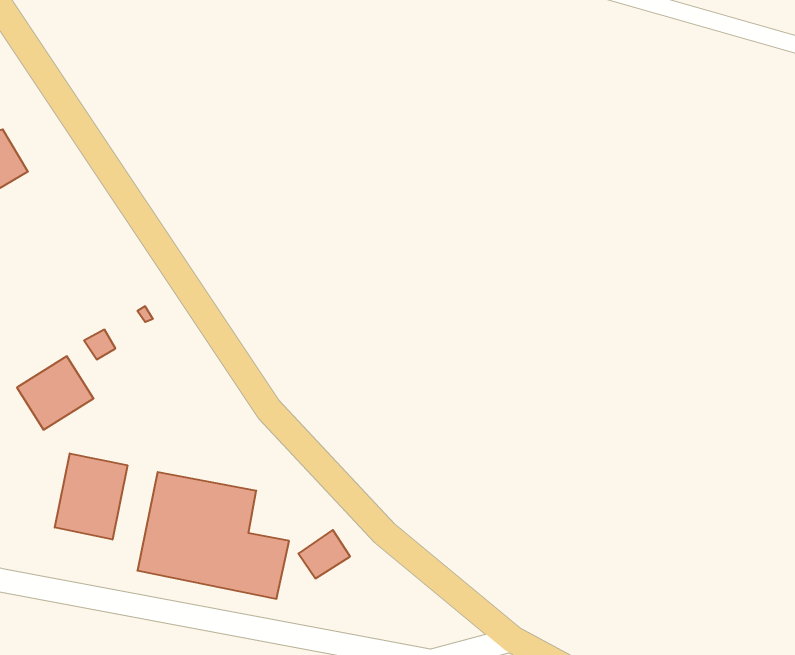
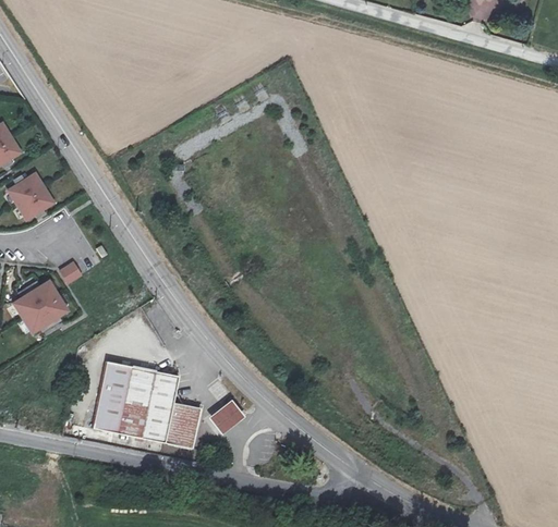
building: none -> [8,173,52,218]
building: [55,453,127,540] -> none

